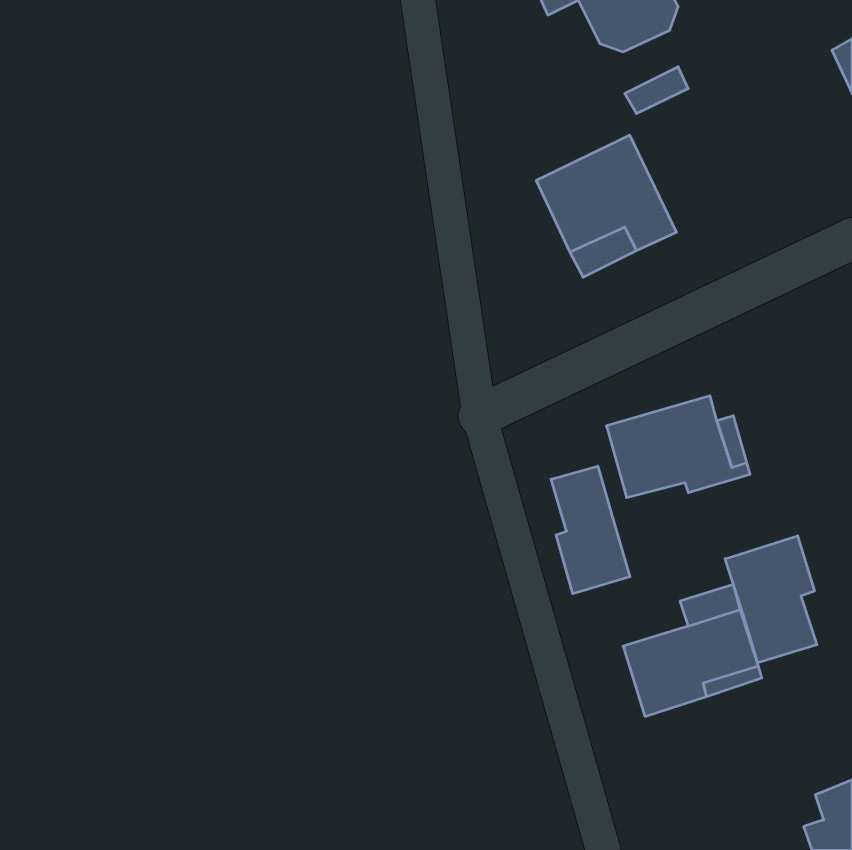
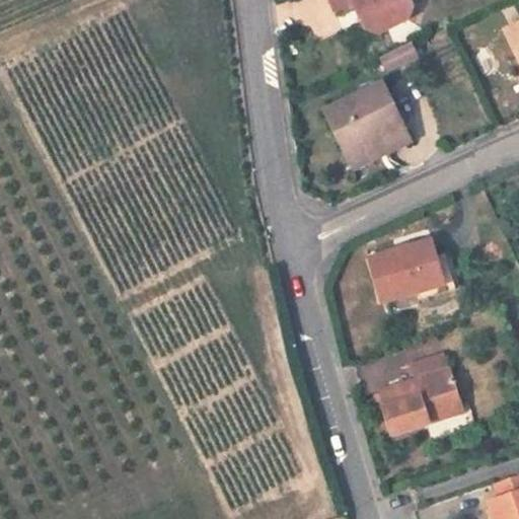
building: [551,466,630,594] -> none
building: [725,536,817,663] -> none

